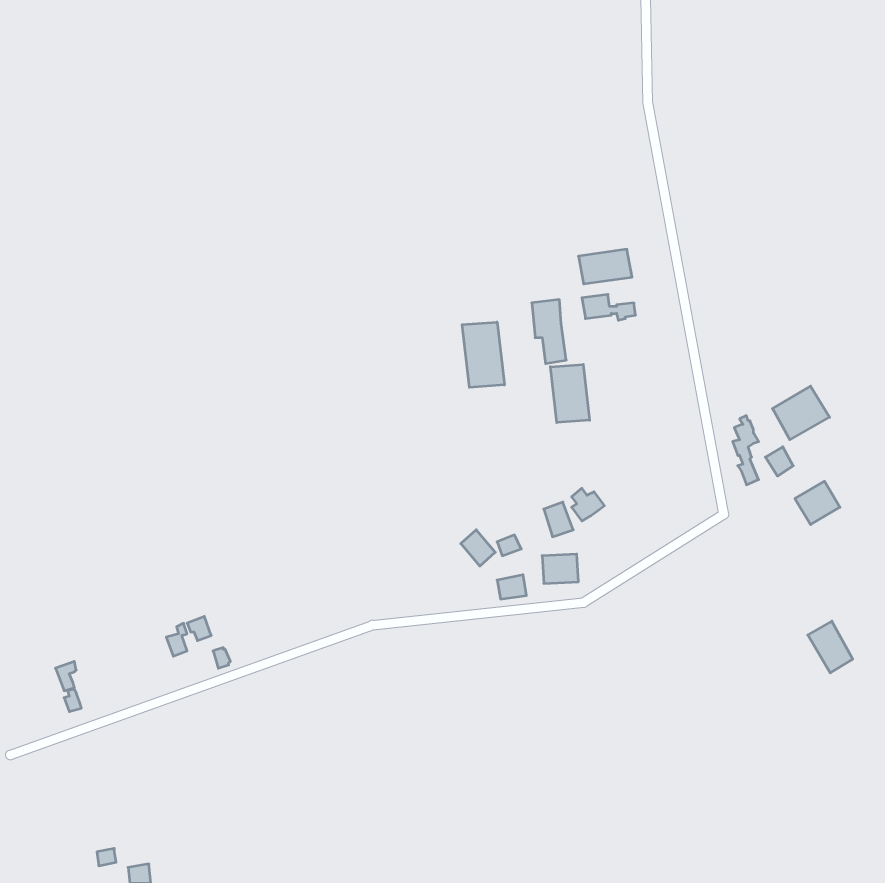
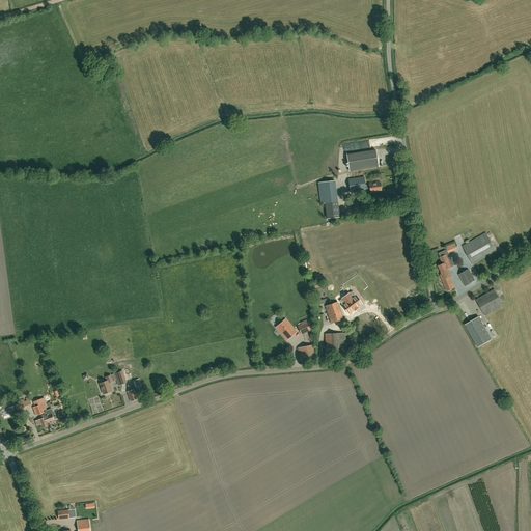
building: [462,322,504,387] -> none
building: [550,364,590,423] -> none
building: [808,621,853,673] -> [465,315,492,346]

